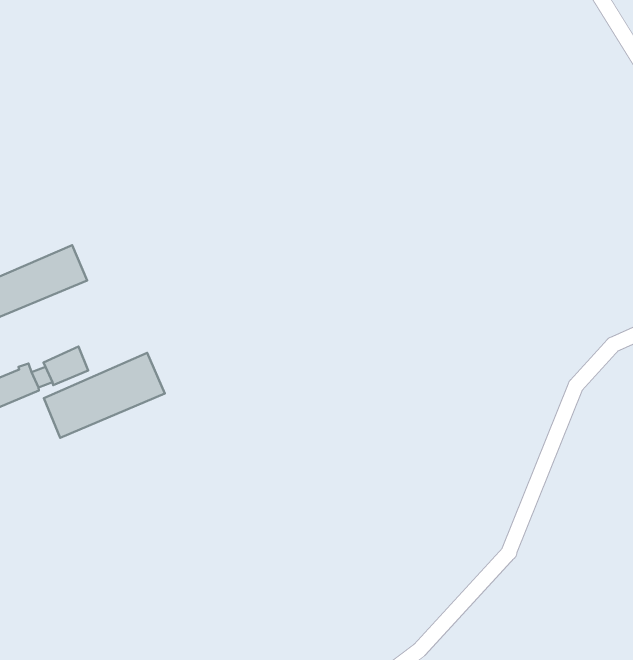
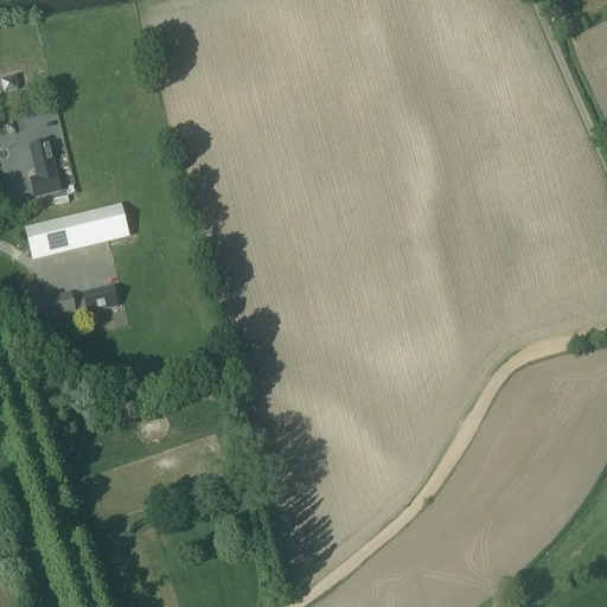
building: [44,353,165,438] -> none

